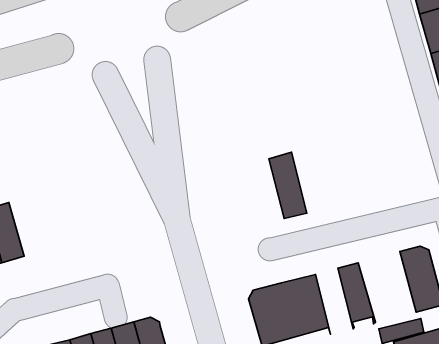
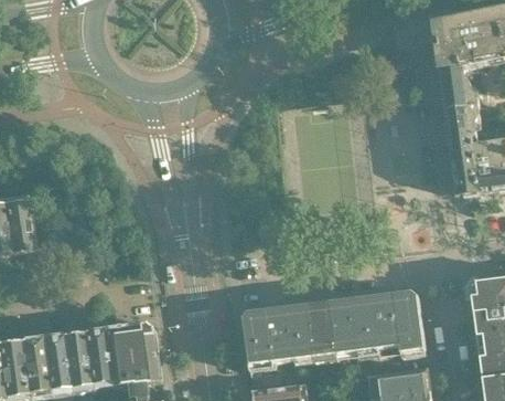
building: [269,152,307,219] -> [309,300,337,362]
building: none -> [351,293,399,357]

